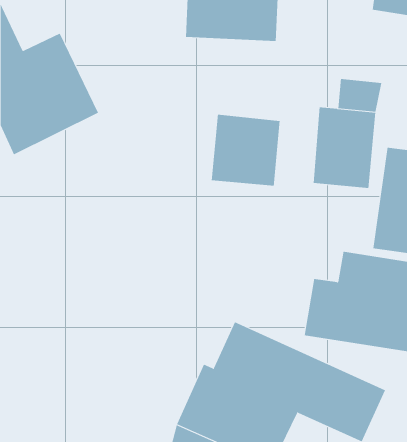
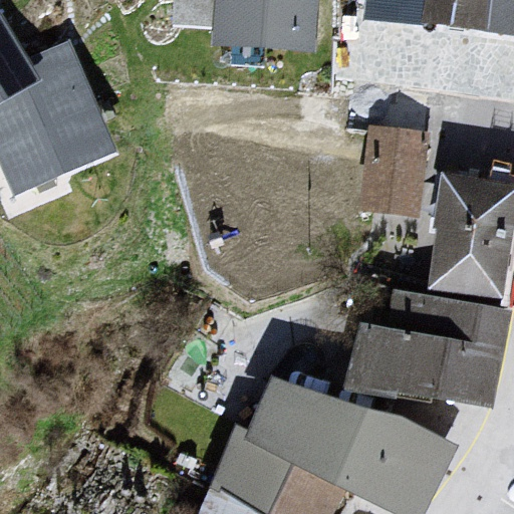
building: [211,114,280,186] -> none

